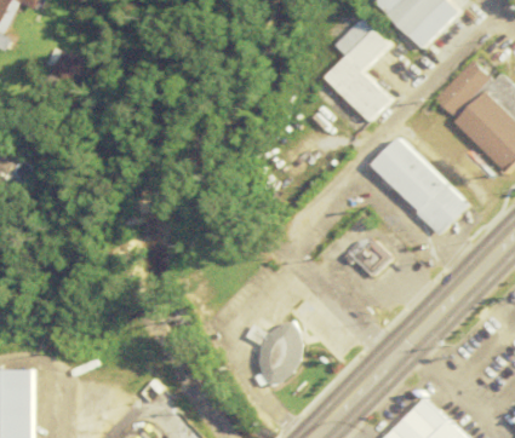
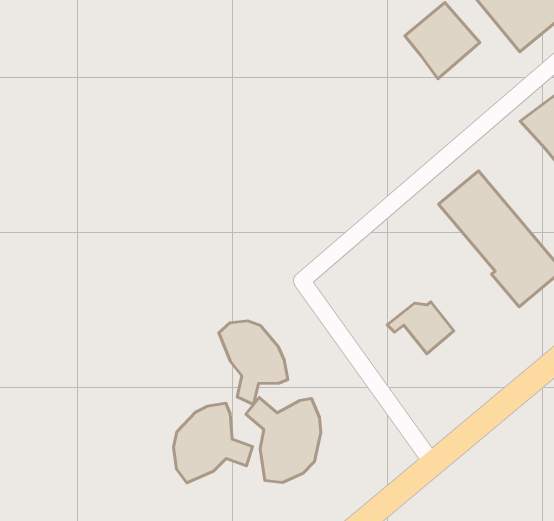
building: [325,58,388,121] -> none
building: none -> [219,321,288,405]
building: none -> [173,403,253,483]

